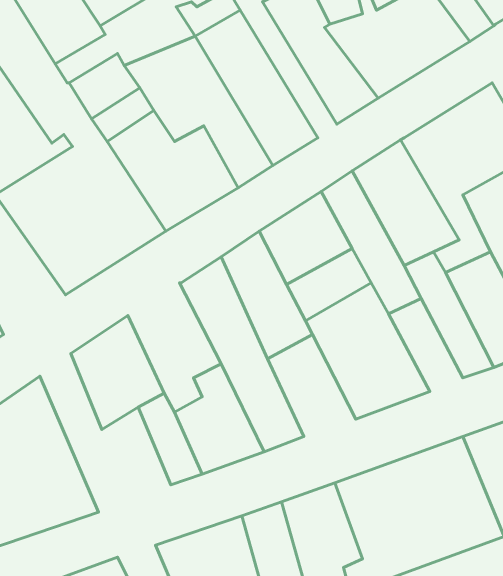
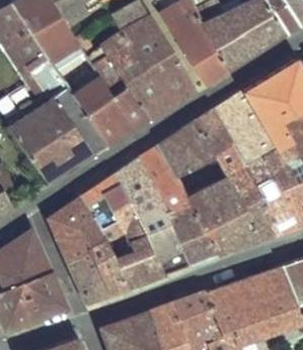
building: none -> [83,176,137,240]
building: none -> [235,185,278,239]
building: none -> [164,206,215,265]
building: none -> [67,248,108,303]

